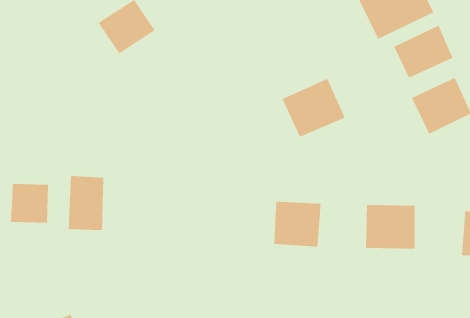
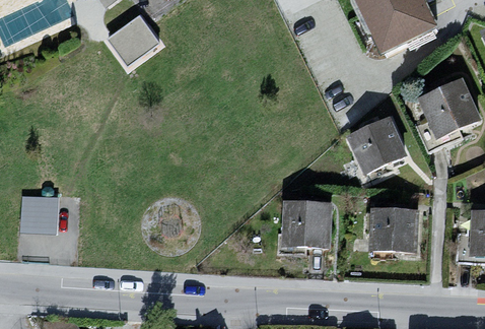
building: [394,25,453,78] -> none
building: [282,78,346,137] -> [340,117,402,175]
building: [68,175,104,231] -> none

